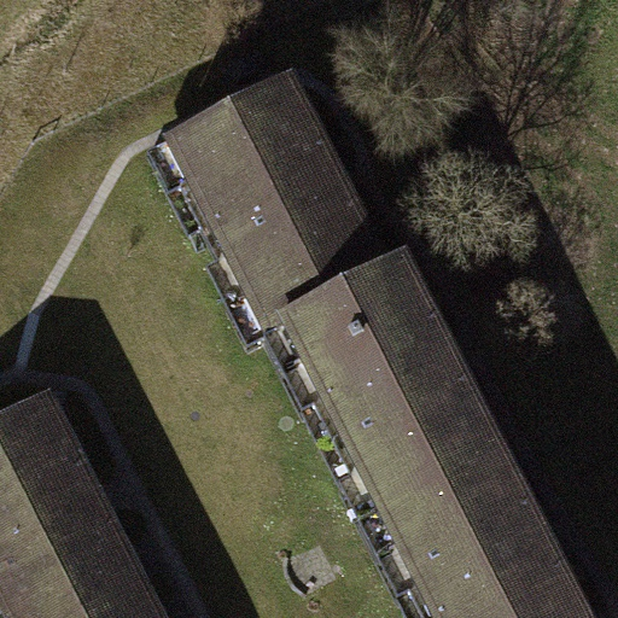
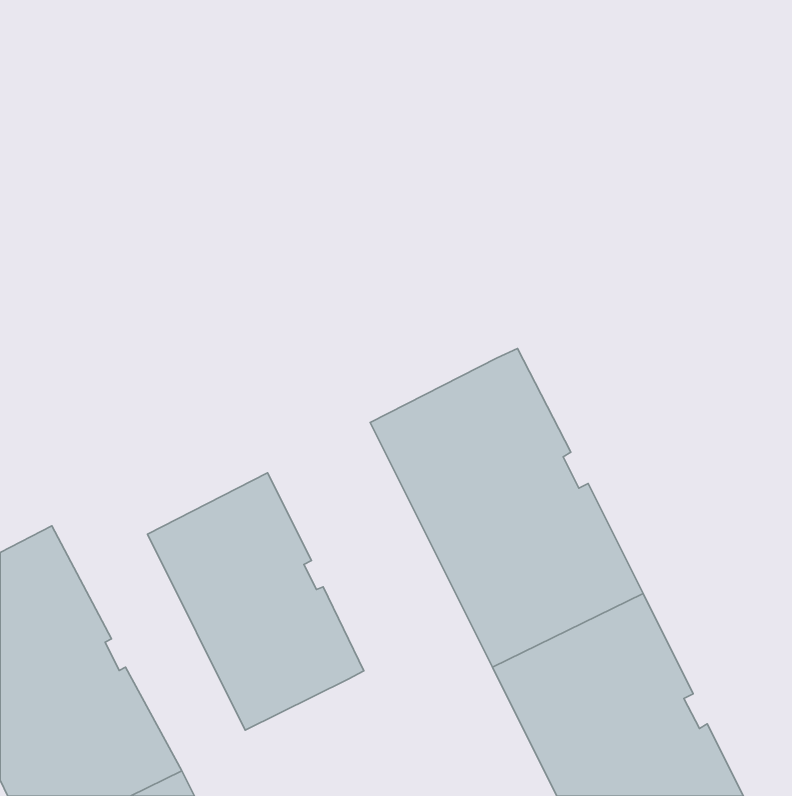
building: [179,87,390,333] -> none
building: none -> [147,473,364,730]

